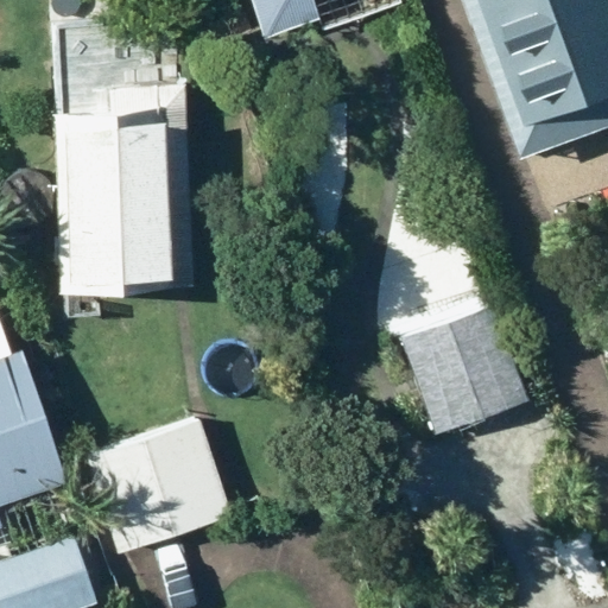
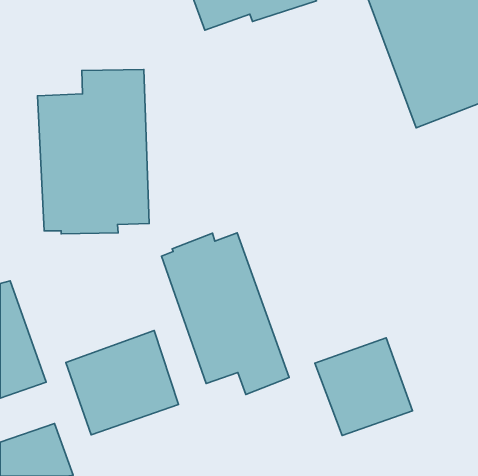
building: none -> [162,233,289,394]
building: [401,306,525,430] -> [315,338,413,435]

